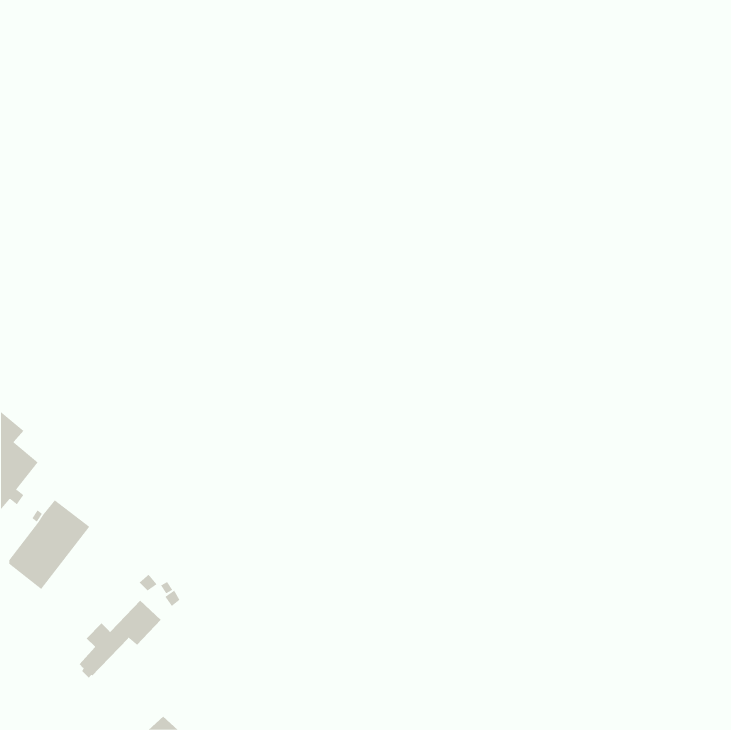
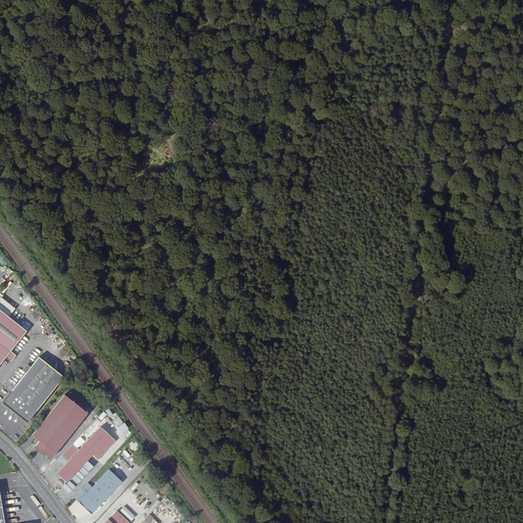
building: none -> [32,395,87,460]
building: none -> [73,470,122,515]

